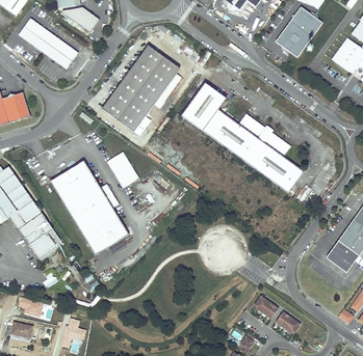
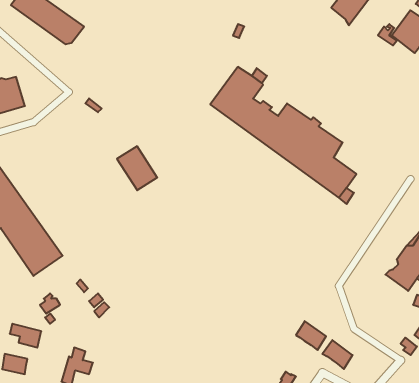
building: [101,43,180,128] -> none
building: [50,160,128,253] -> none

